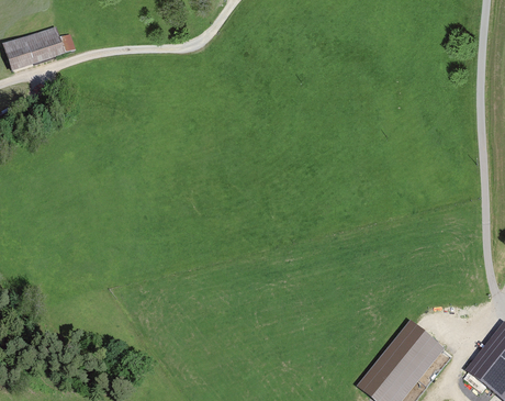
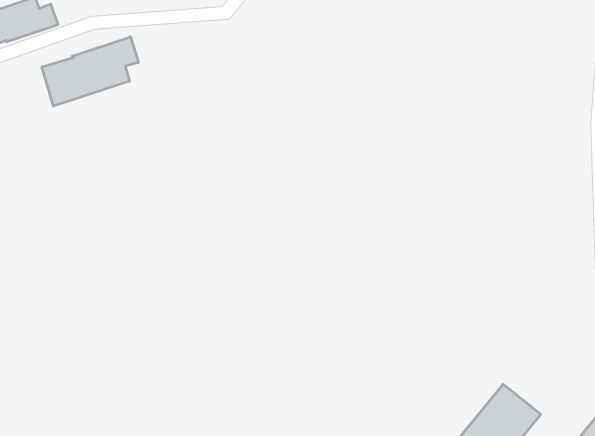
building: none -> [42,37,138,106]

